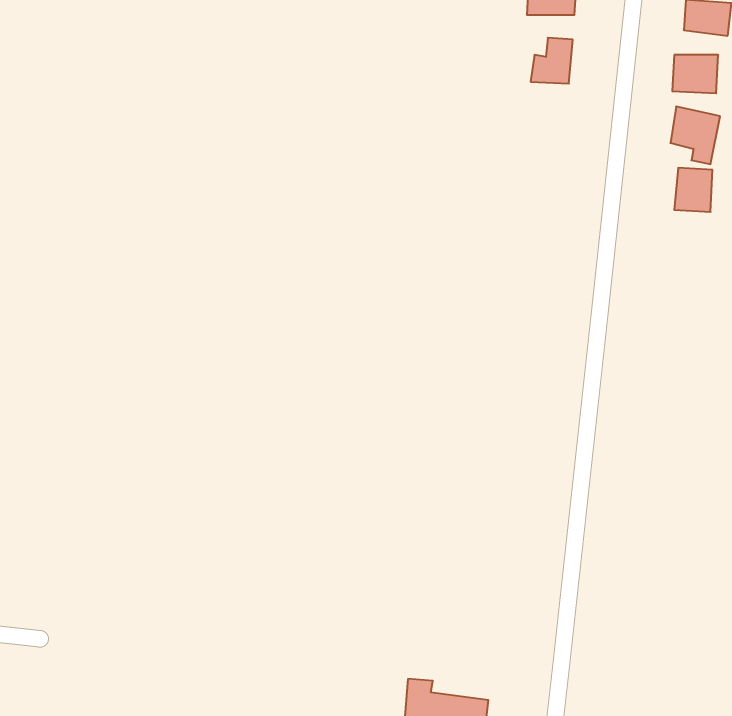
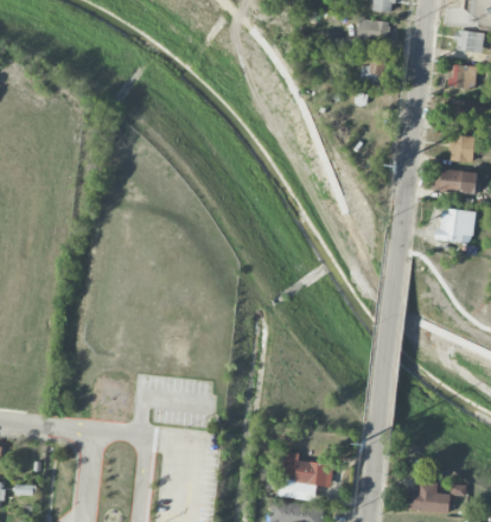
building: none -> [434,170,477,193]
building: none -> [436,208,476,243]

